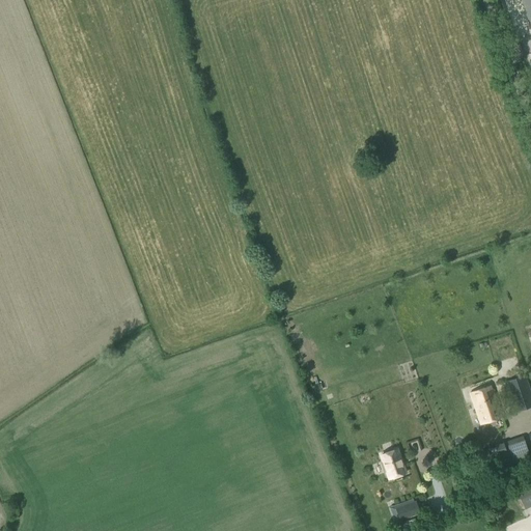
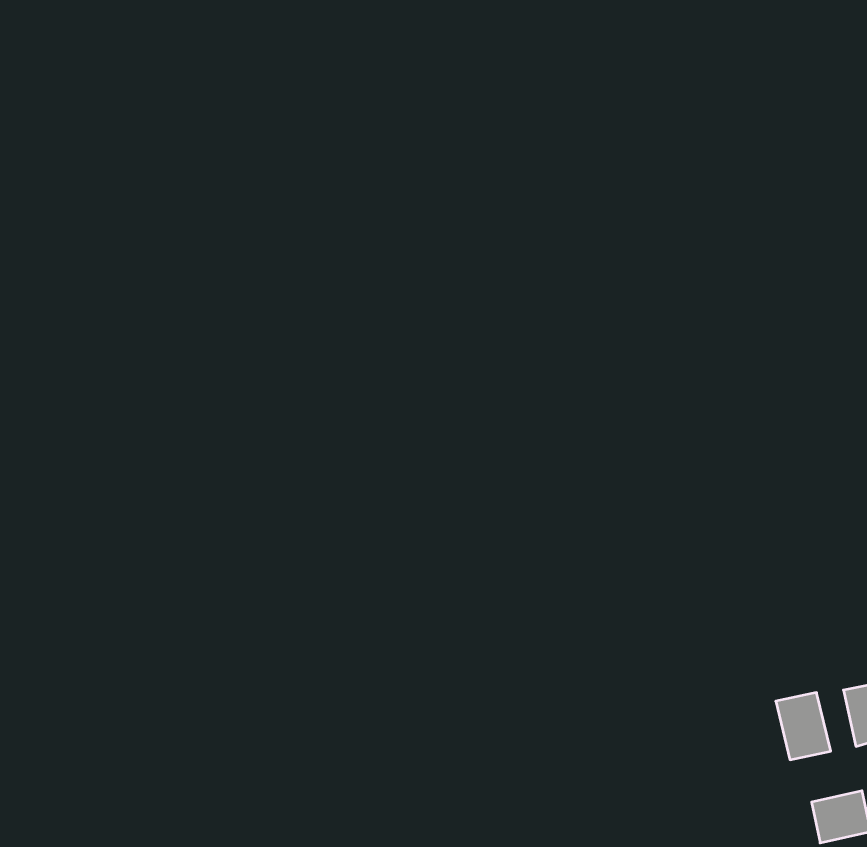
building: [385,444,409,473] -> none

